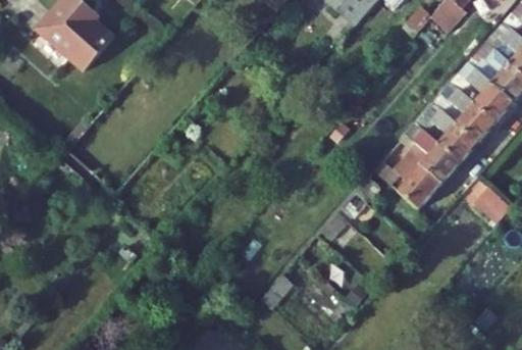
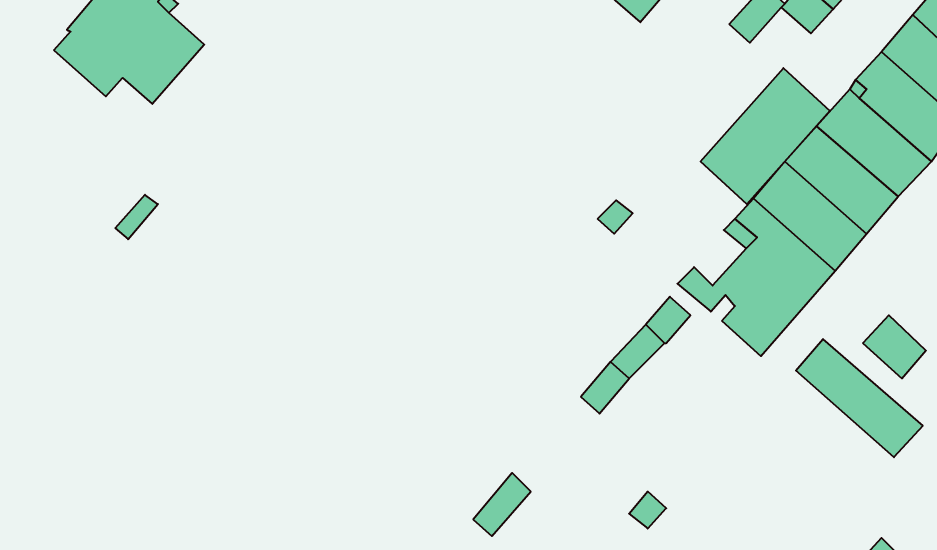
building: none -> [701,68,830,204]
building: none -> [796,339,923,457]

